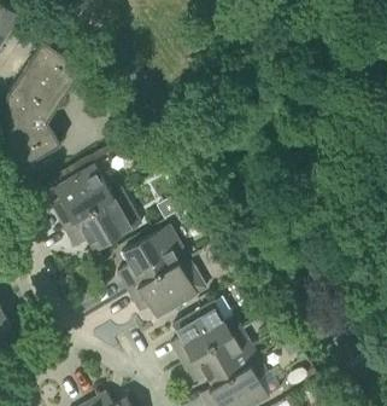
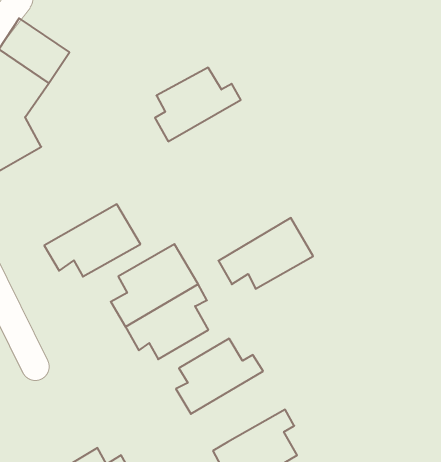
building: [51,166,121,226] -> [155,68,241,141]
building: [181,329,258,387] -> [218,218,313,289]

